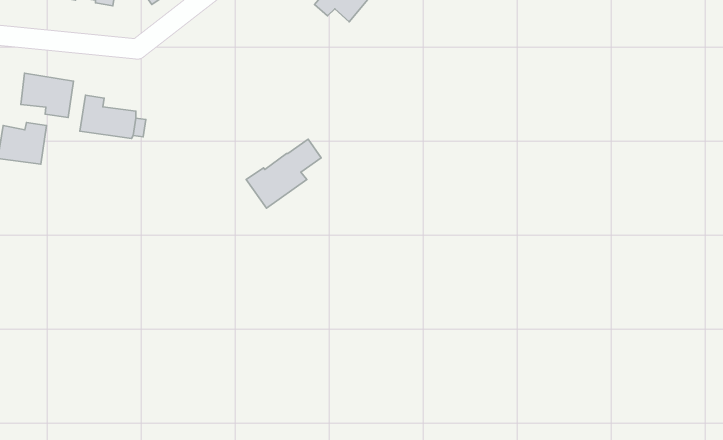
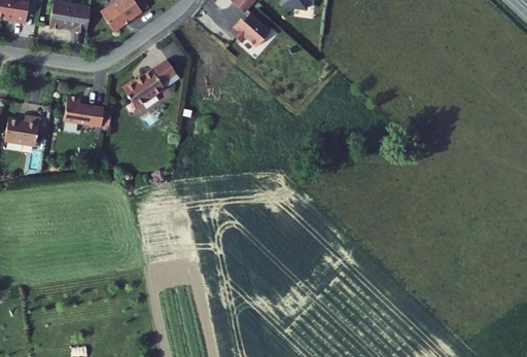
building: [21,73,74,118] -> none
building: [246,139,321,208] -> [124,61,177,110]

